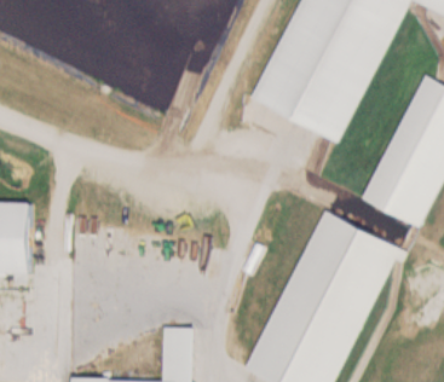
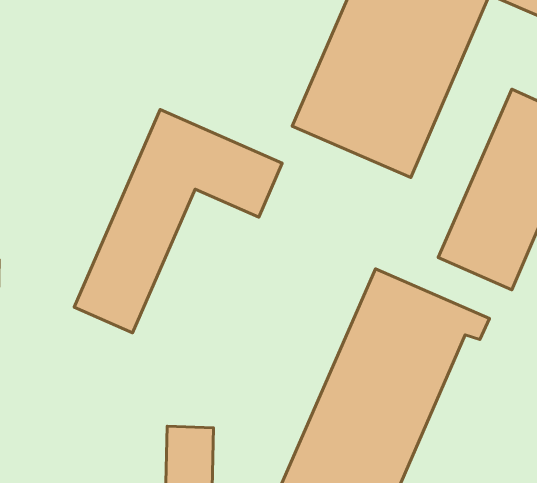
building: none -> [74,109,282,333]

